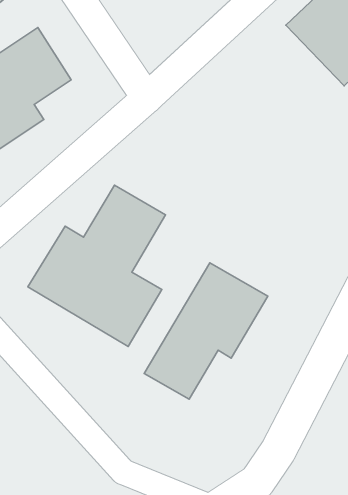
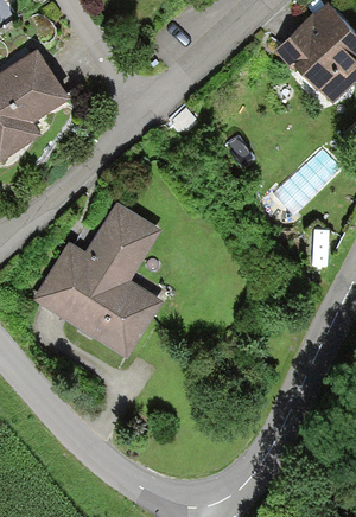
building: [144,263,268,399] -> none

